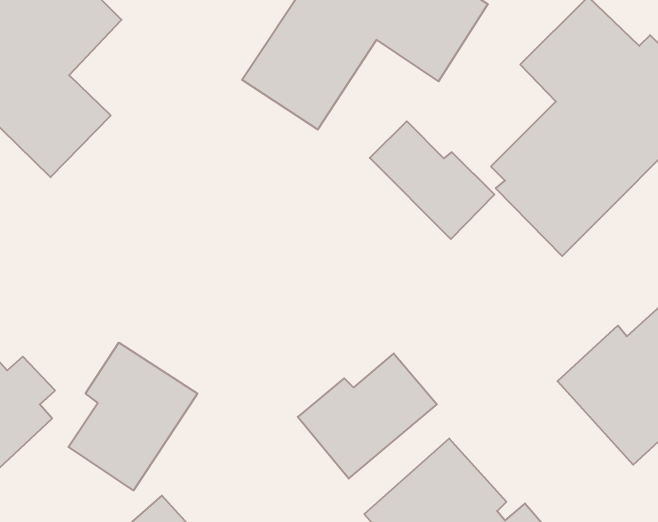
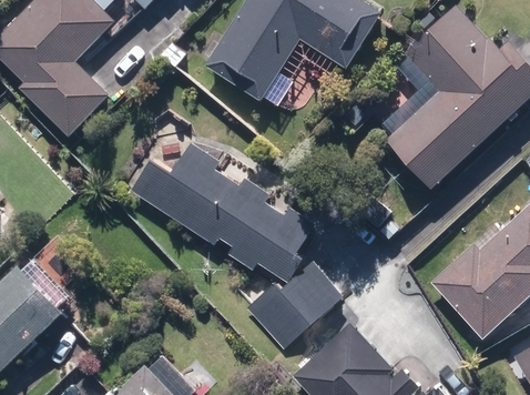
building: [370,121,494,239] -> none
building: none -> [132,141,316,276]
building: [68,343,197,490] -> none

